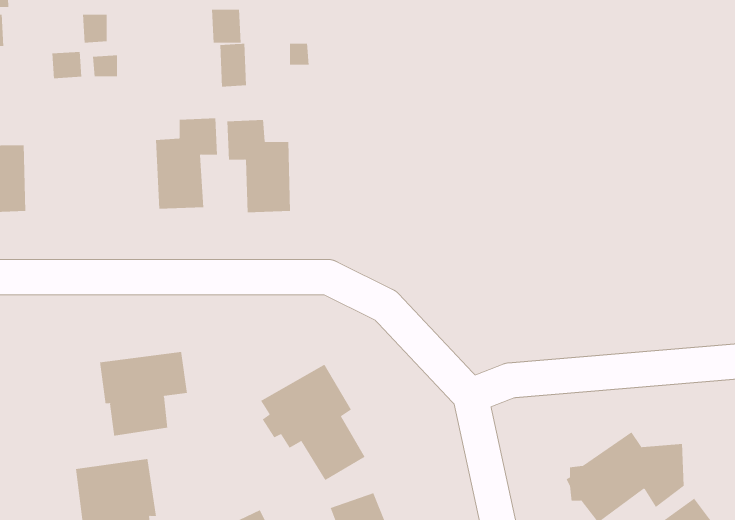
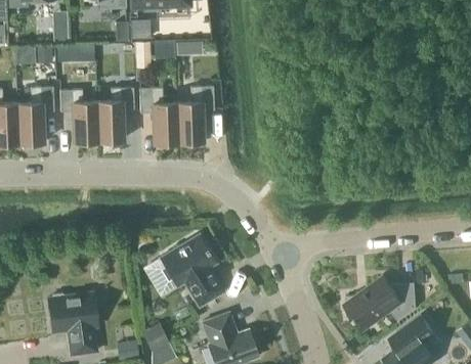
building: none -> [17,86,54,146]
building: none -> [177,86,214,143]
building: none -> [60,90,98,143]
building: [99,351,187,437] -> none

